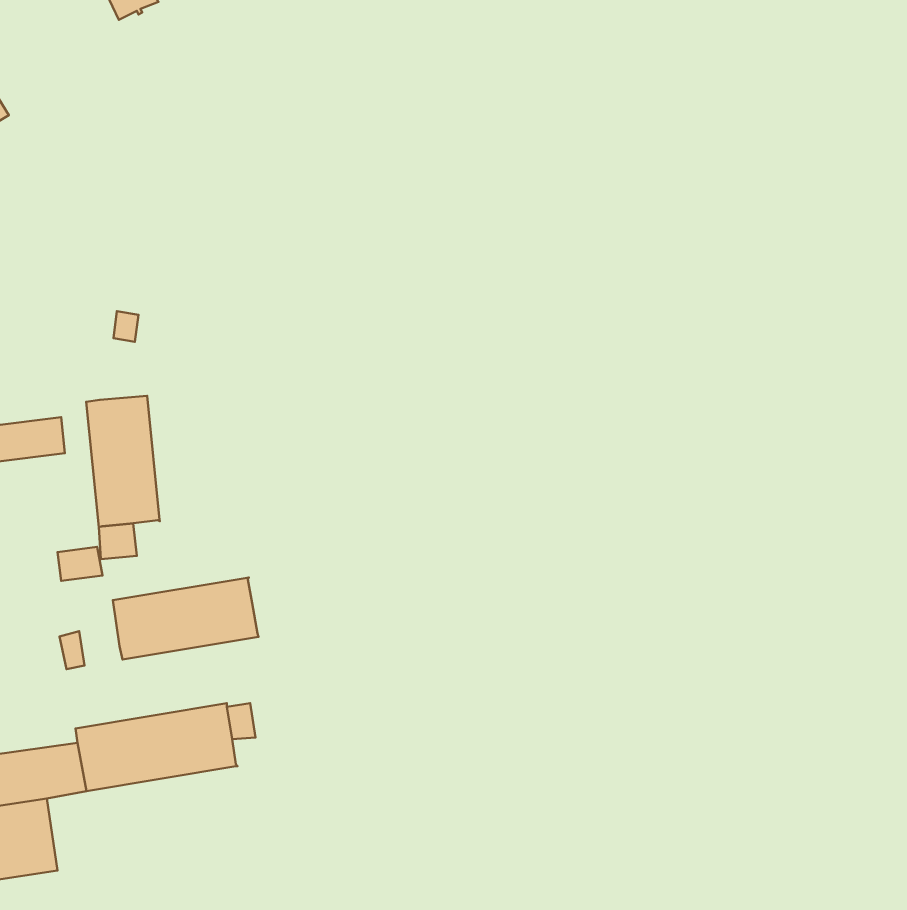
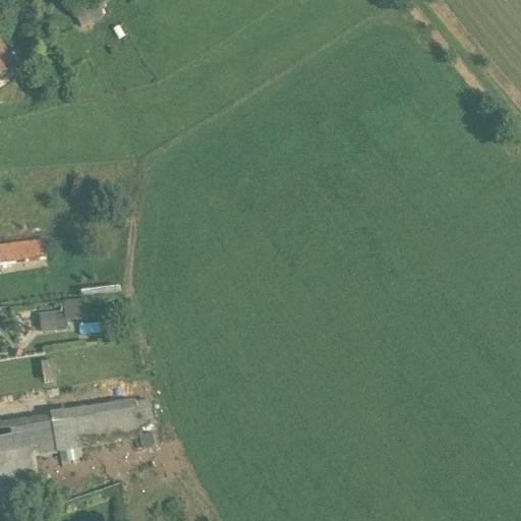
building: [86,396,160,527] -> none
building: [113,577,258,659] -> none

